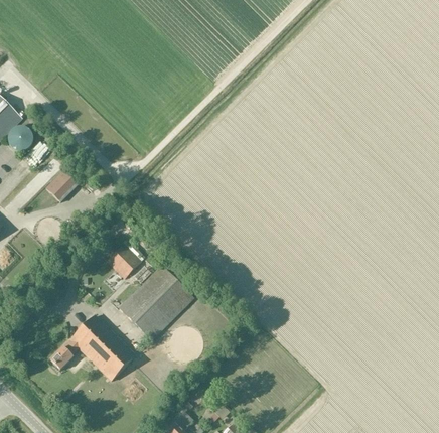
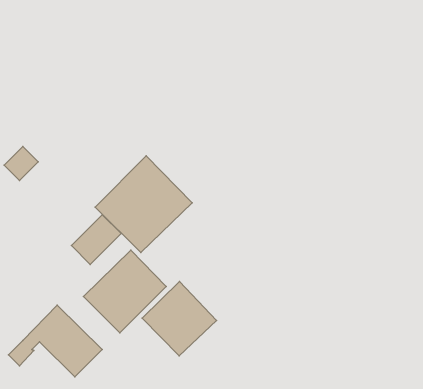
building: none -> [95,156,192,253]
building: none -> [142,282,217,356]

